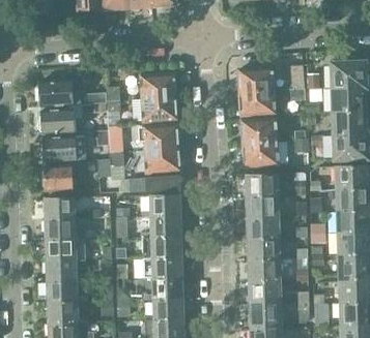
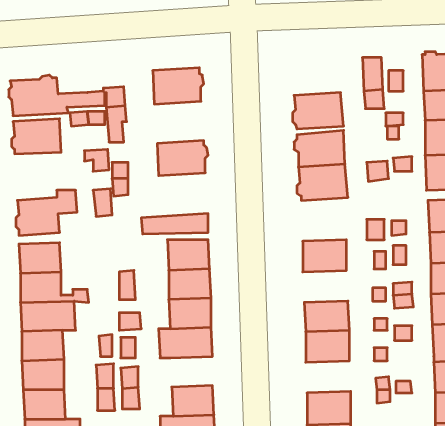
building: [236,66,273,92] -> none
building: [140,96,176,122] -> none
building: [39,135,84,161] -> none
building: [143,147,179,173] -> none
building: [245,174,277,195] -> none
building: [246,216,278,239] -> none
building: [151,277,181,299] -> none
building: [248,280,280,303] -> none

